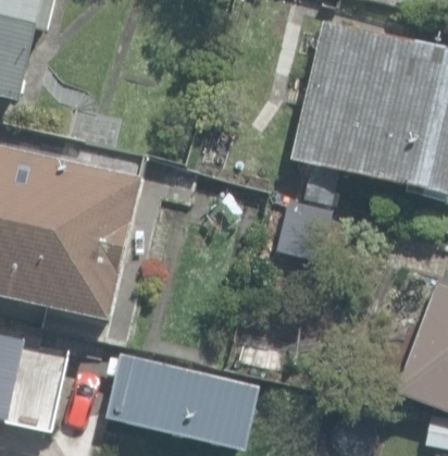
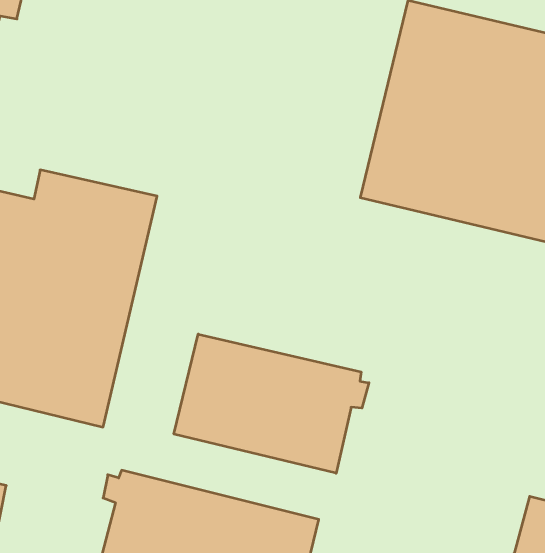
building: none -> [174,334,369,473]

